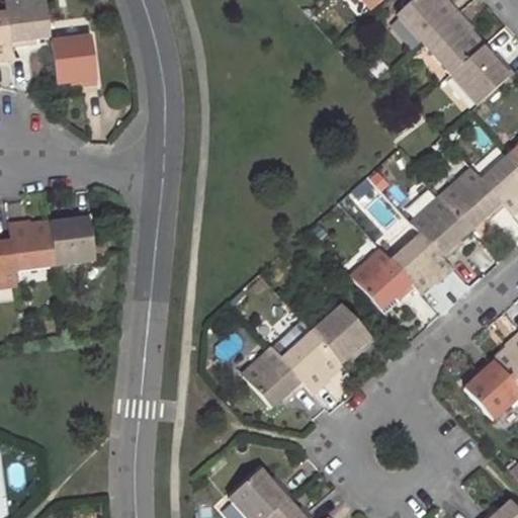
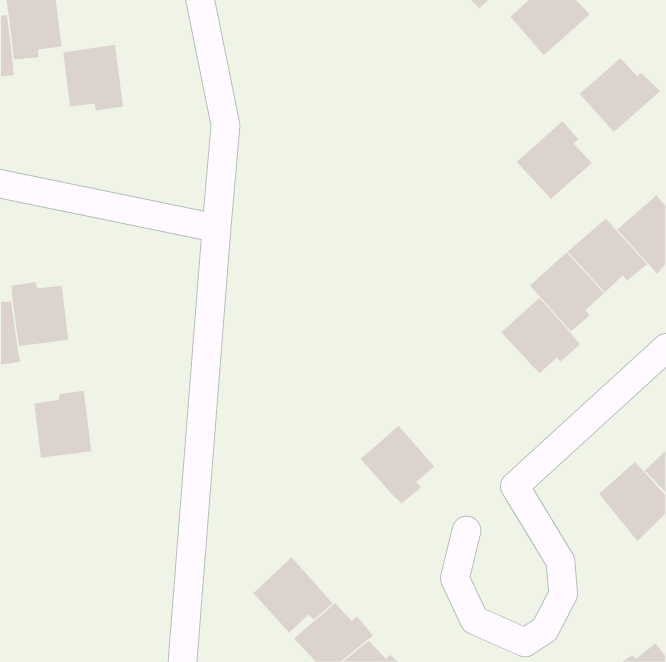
building: [422,11,482,73] -> [516,120,593,200]
building: [49,211,94,264] -> [34,390,92,458]
building: [350,249,413,309] -> none
building: [310,303,372,362] -> none
building: [241,347,304,407] -> [253,557,333,633]

